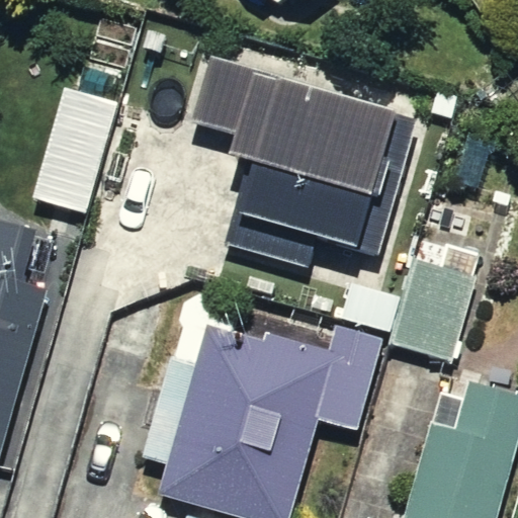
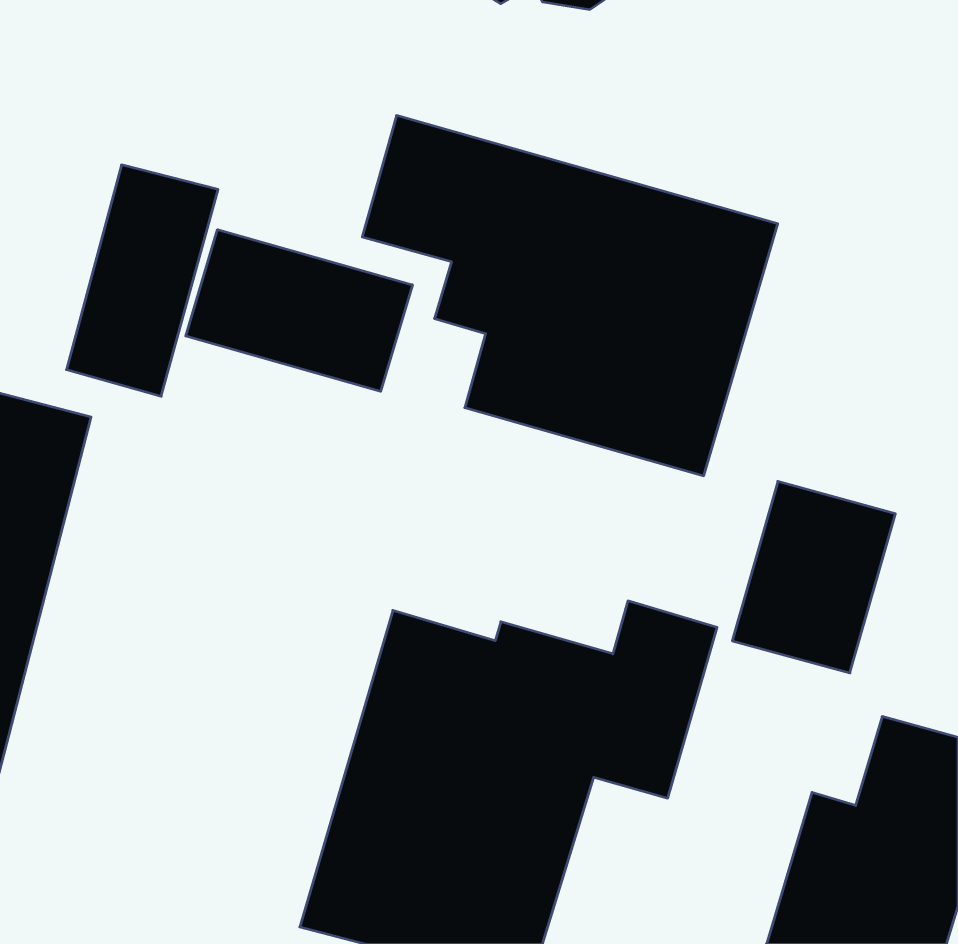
building: none -> [186,230,412,391]

